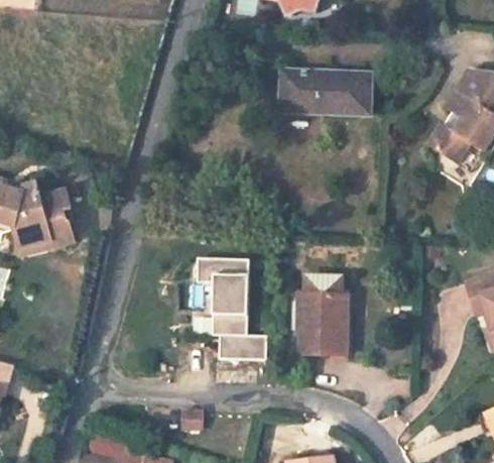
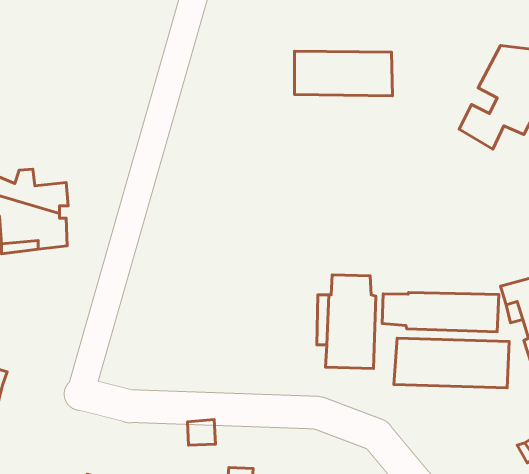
building: [201,256,271,358] -> none
building: none -> [382,293,499,332]
building: none -> [394,338,509,388]

